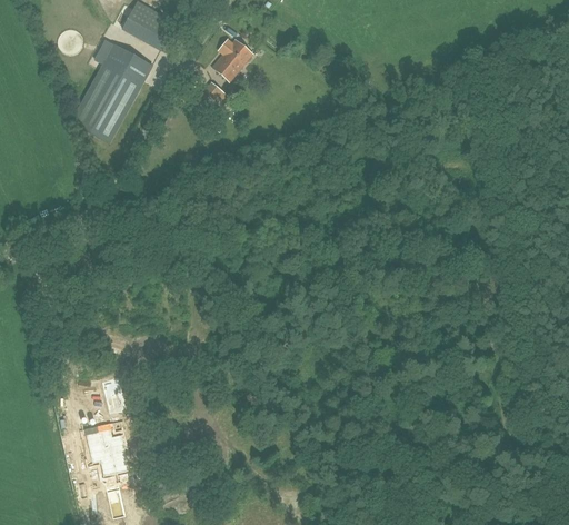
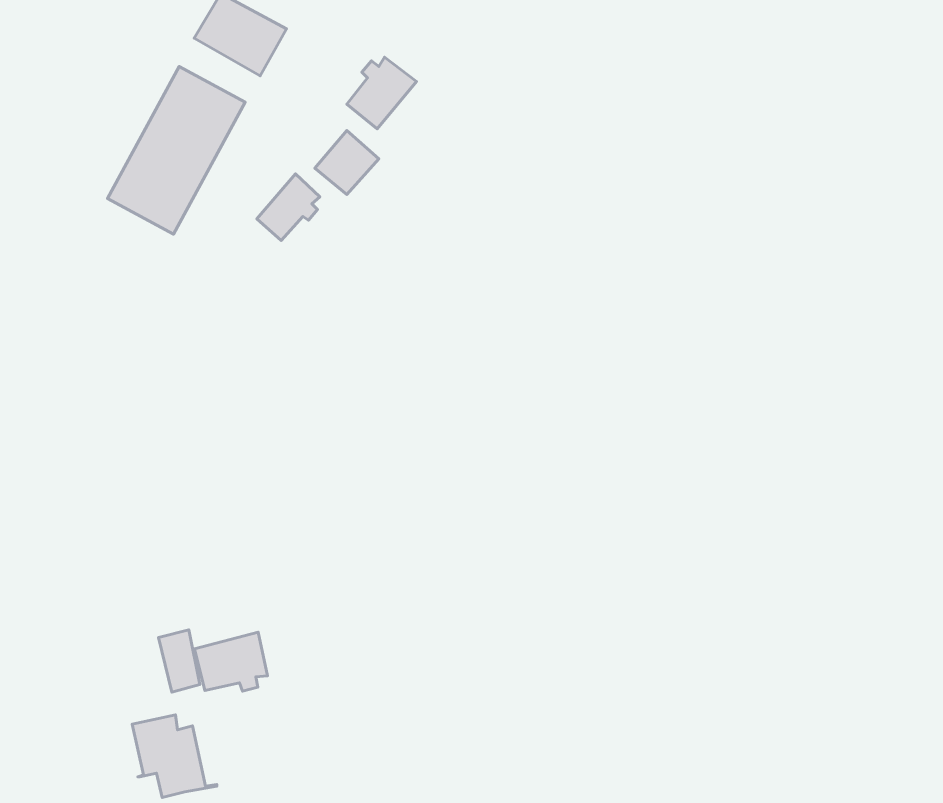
building: none -> [257,174,320,240]
building: none -> [195,632,267,691]

